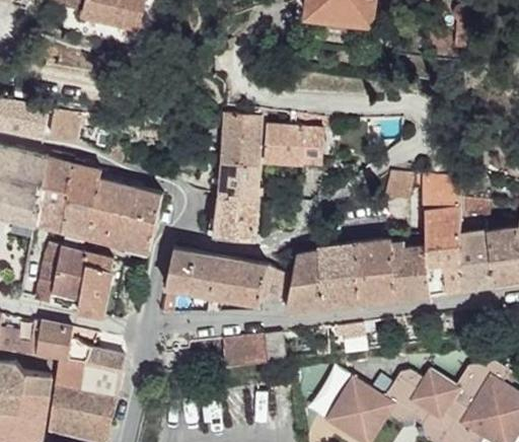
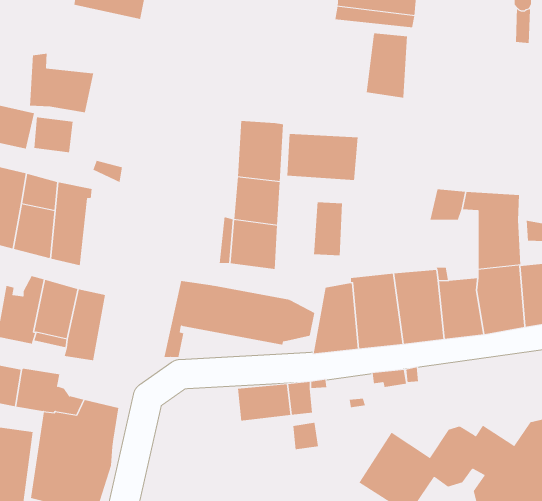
building: none -> [366,33,408,98]
building: none -> [30,53,94,113]
building: [90,179,162,251] -> none
building: none -> [314,201,342,256]

